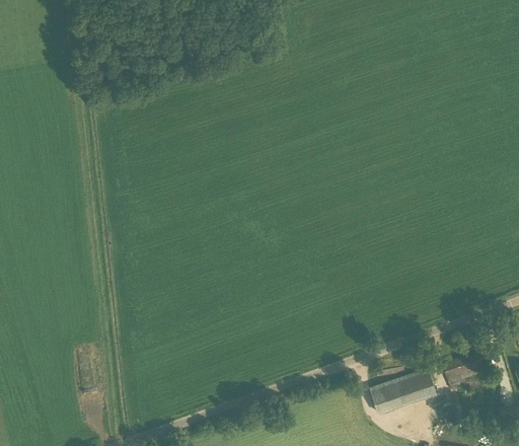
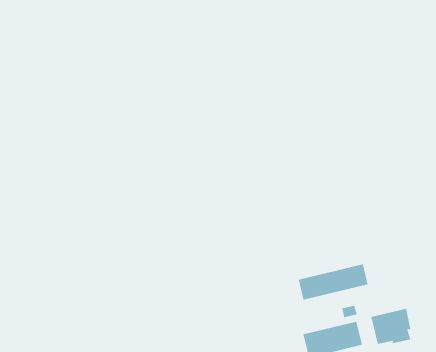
building: none -> [298,263,368,300]

